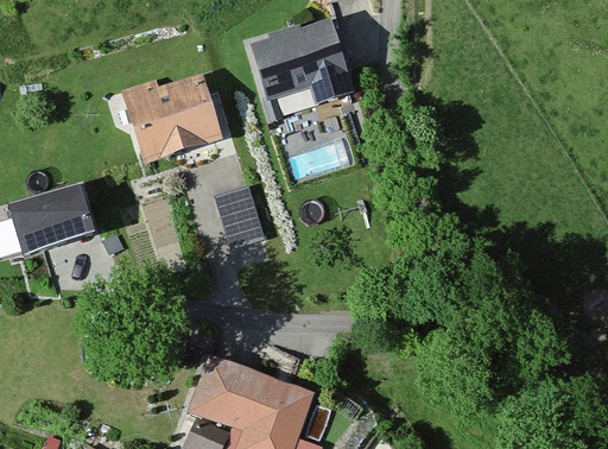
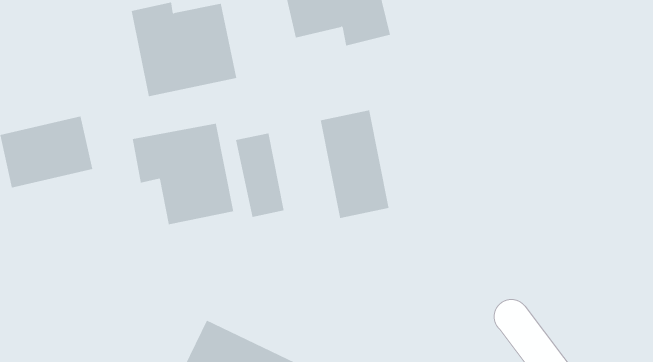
building: none -> [320,109,389,219]
building: none -> [132,123,234,225]

